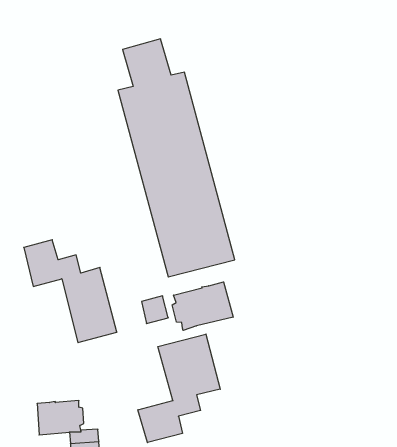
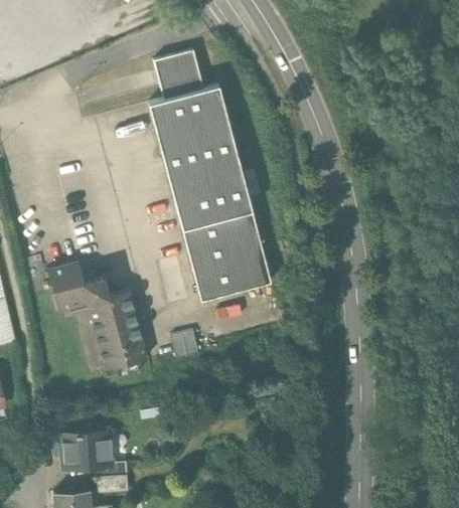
building: [172,282,233,330] -> none
building: [138,334,220,443] -> none

